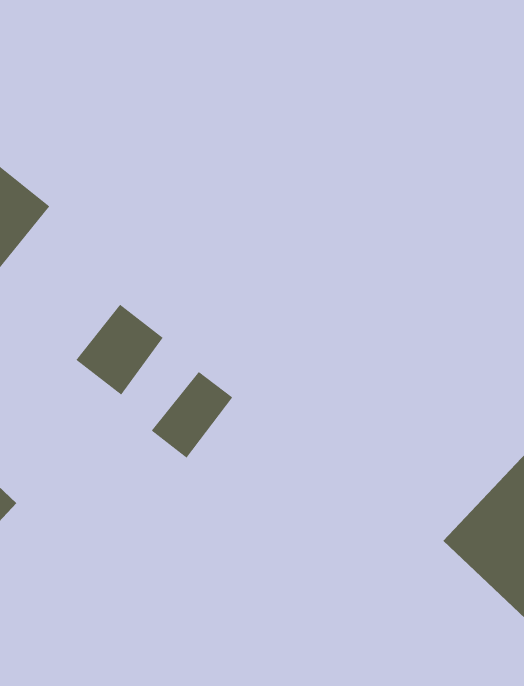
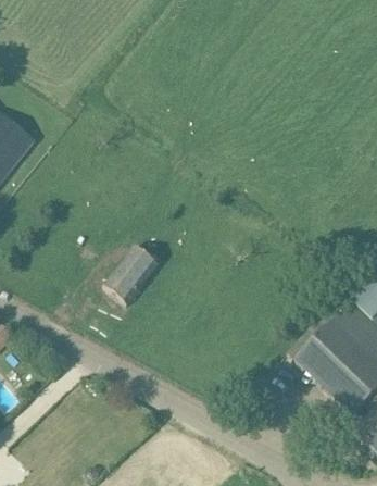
building: [75,304,163,395] -> none

